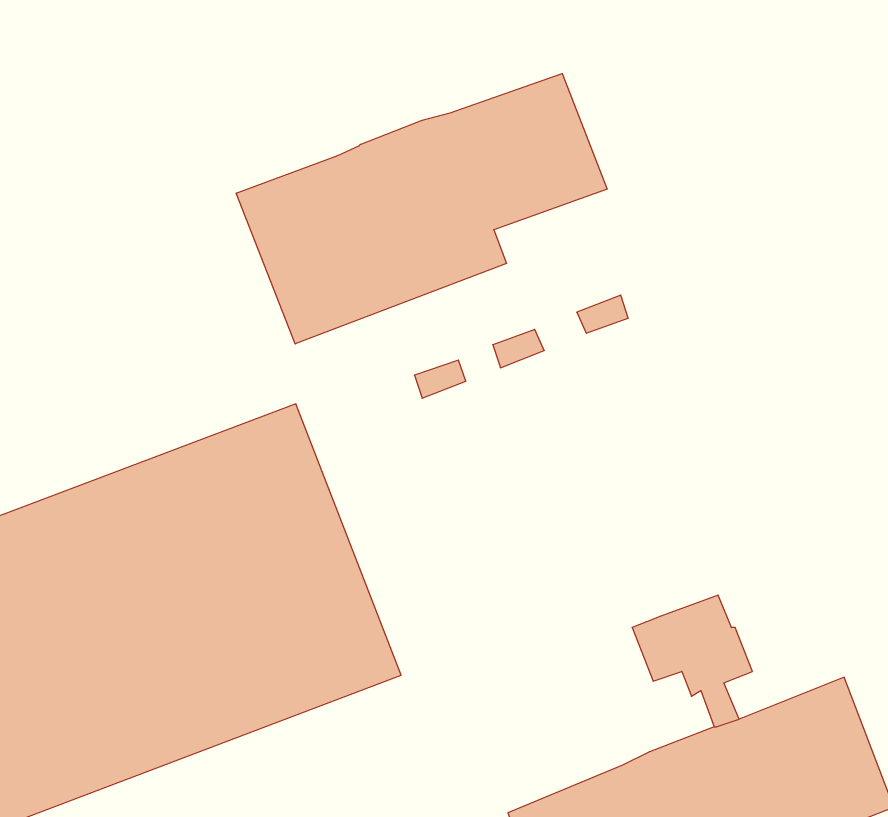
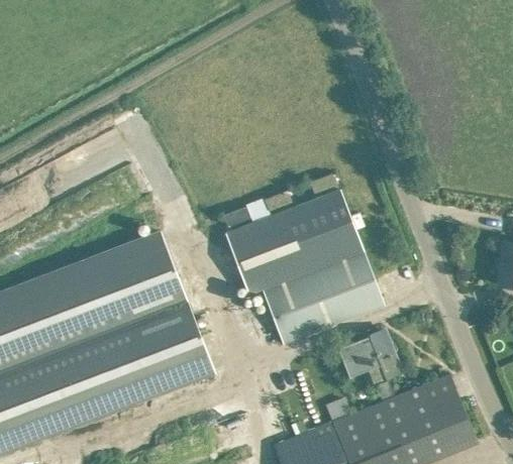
building: [236,74,607,344] -> none
building: none -> [225,190,384,344]

